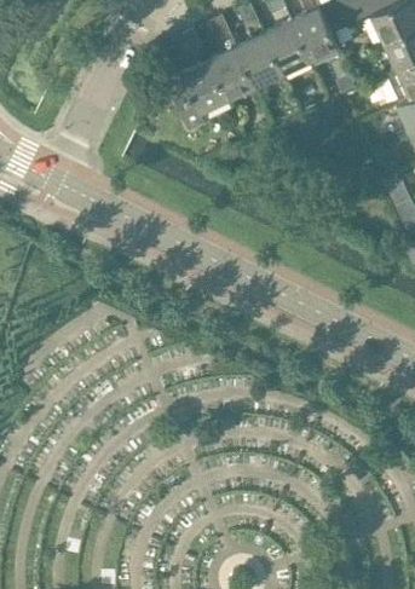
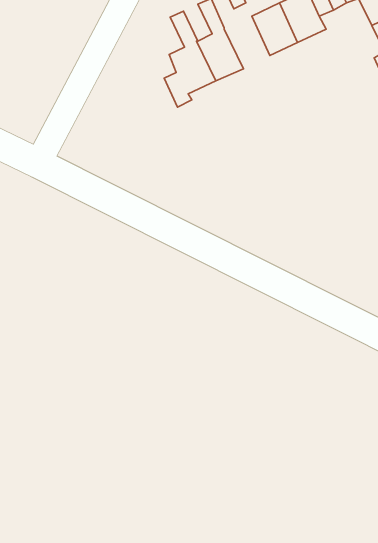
building: [234,34,279,87] -> none

